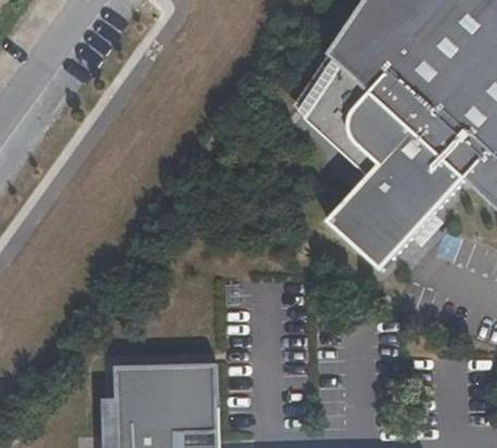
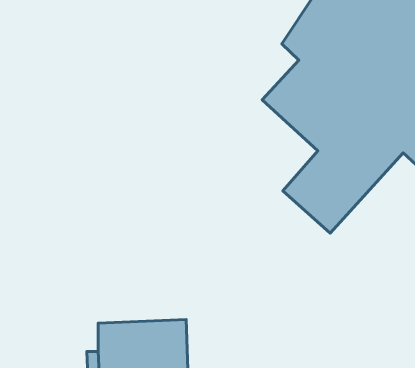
building: [294,57,350,121] -> none

